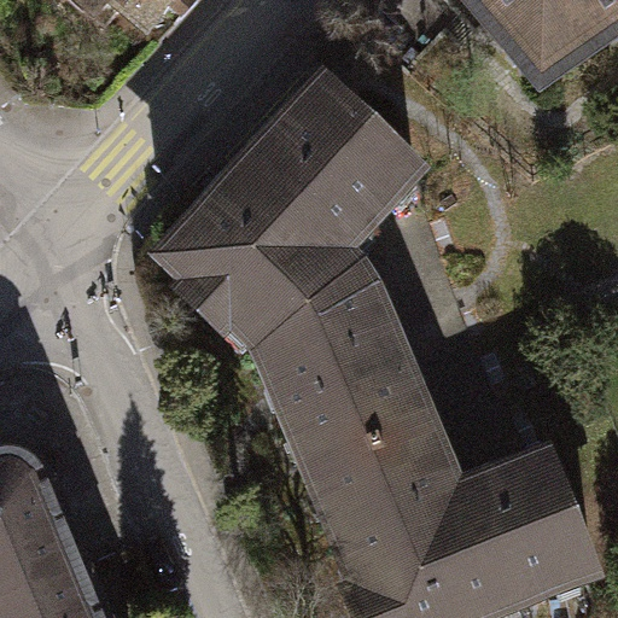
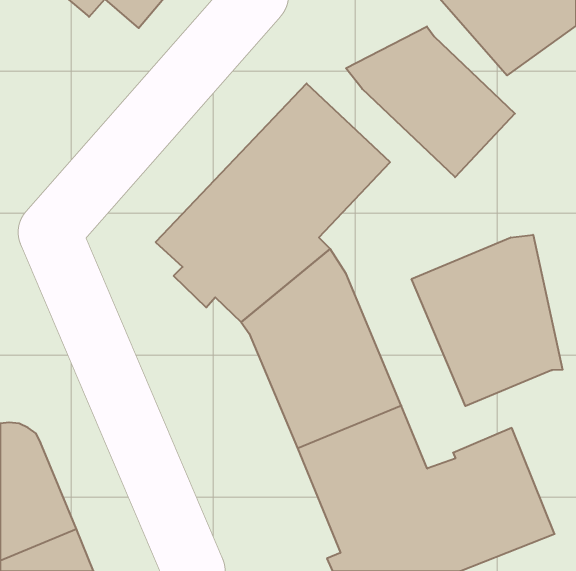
building: none -> [346,26,515,177]
building: none -> [412,235,563,406]

